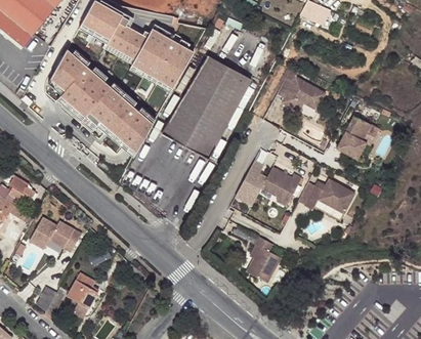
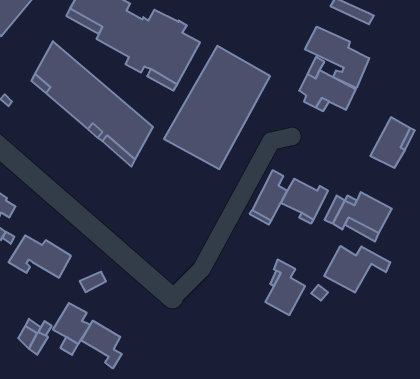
building: none -> [305,27,369,88]
building: none -> [324,246,390,293]
building: none -> [81,321,122,368]

